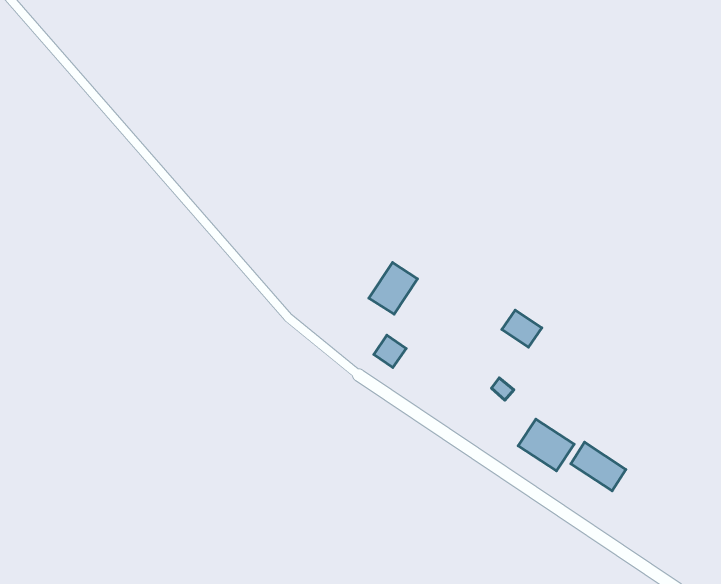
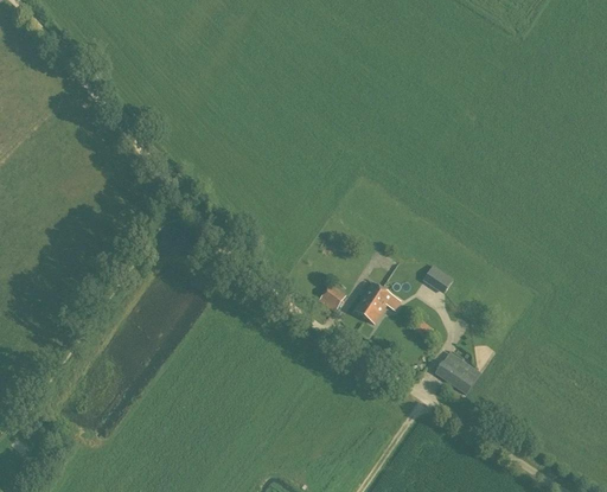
building: [369,263,418,314] -> [354,282,394,324]
building: [571,442,626,491] -> none

